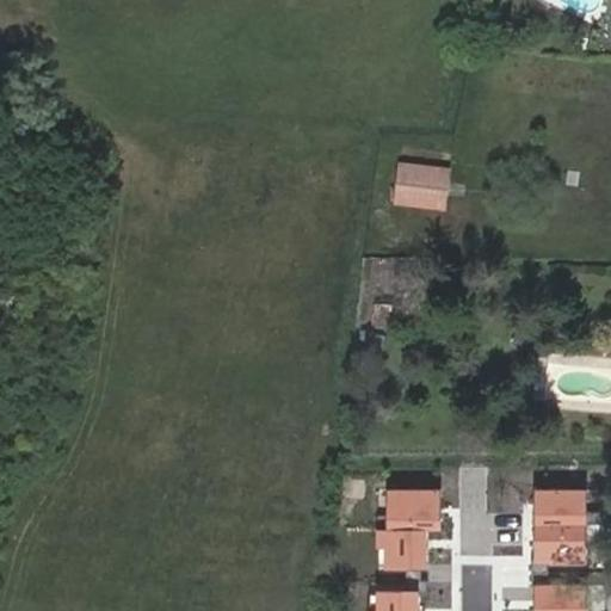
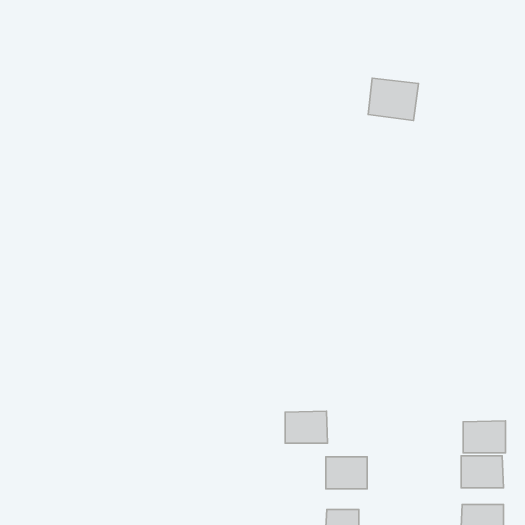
building: [394,163,452,212] -> [368,78,419,121]
building: [389,488,438,525] -> [285,411,328,443]

